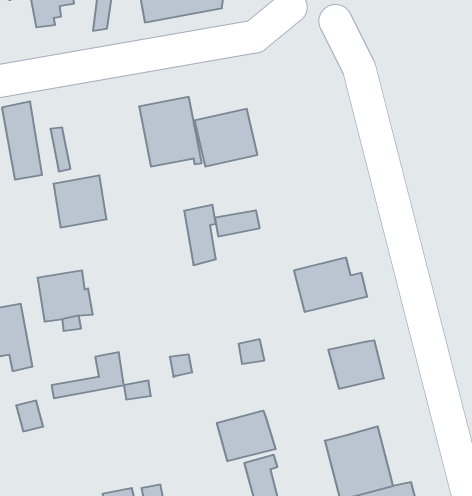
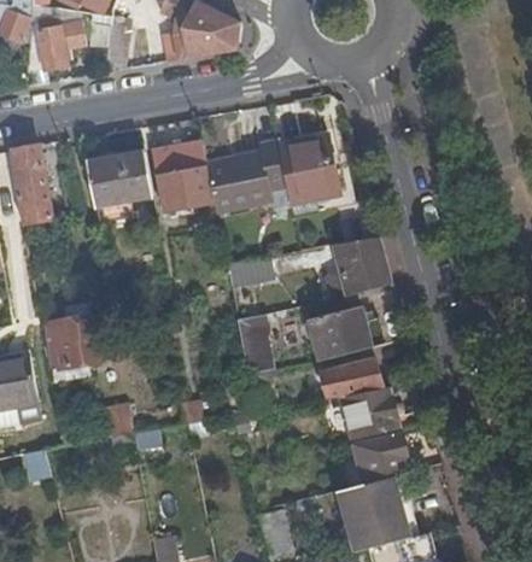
building: none -> [277,134,338,201]
building: [53,175,107,227] -> [89,153,144,206]
building: none -> [335,236,391,294]
building: [184,205,216,265] -> [238,314,270,375]
building: none -> [321,358,382,399]
building: none -> [352,434,410,485]
building: [217,411,276,461] -> none

